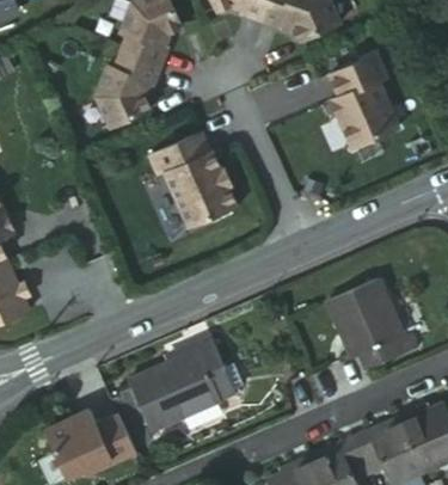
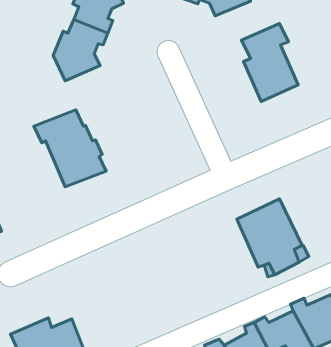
building: [147,133,235,227] -> [34,110,106,187]
building: [127,330,233,425] -> none

